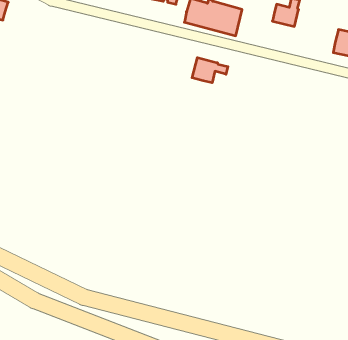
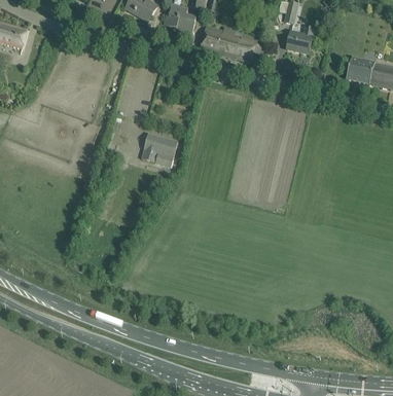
building: [192,58,228,83] -> none
building: none -> [141,133,177,160]

